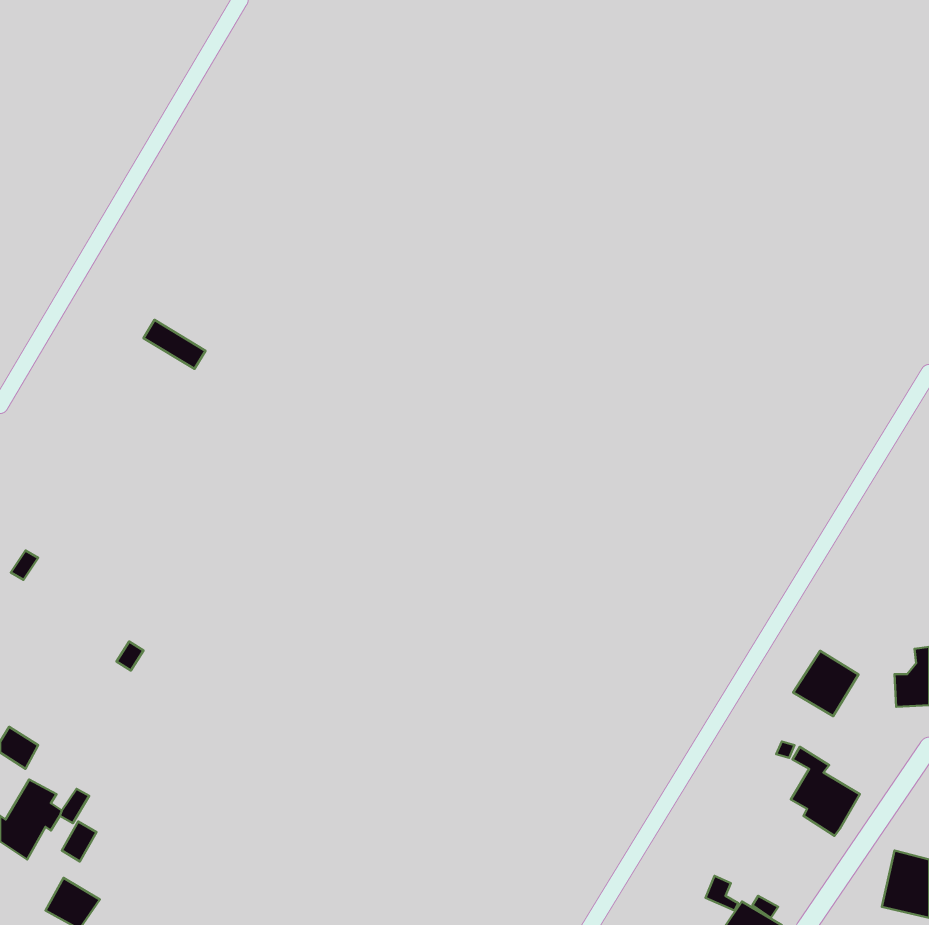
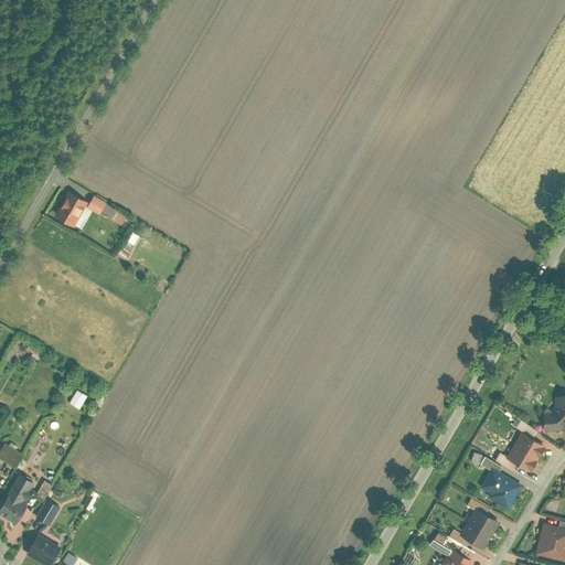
building: none -> [55,192,87,227]
building: [793,651,859,716] -> [507,431,546,471]
building: none -> [460,498,500,548]

